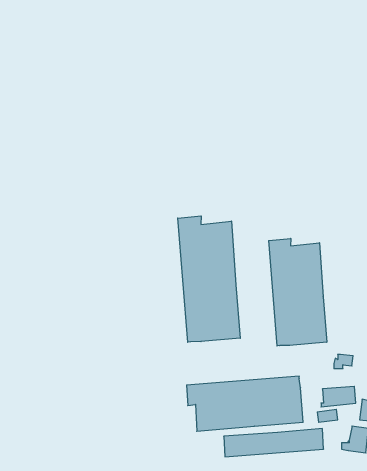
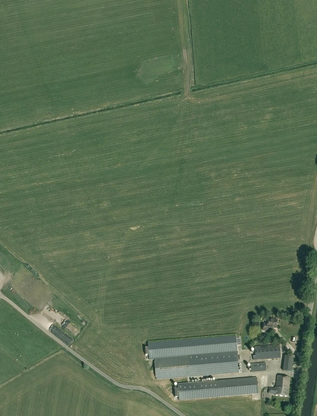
building: [178,216,240,342] -> none
building: [269,238,327,346] -> none

